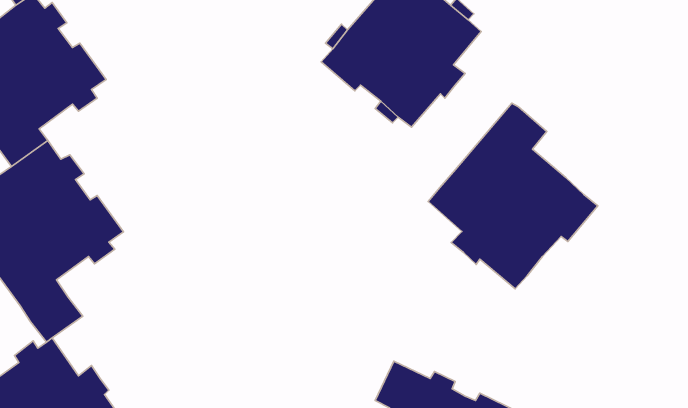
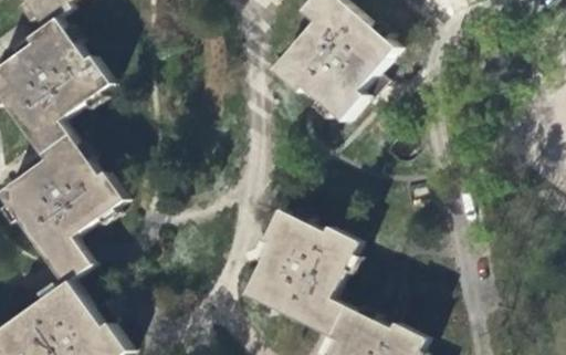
building: [428,103,598,289] -> none
building: none -> [244,210,357,328]

